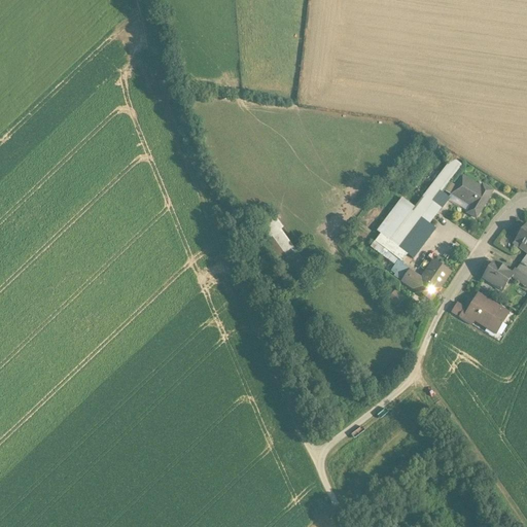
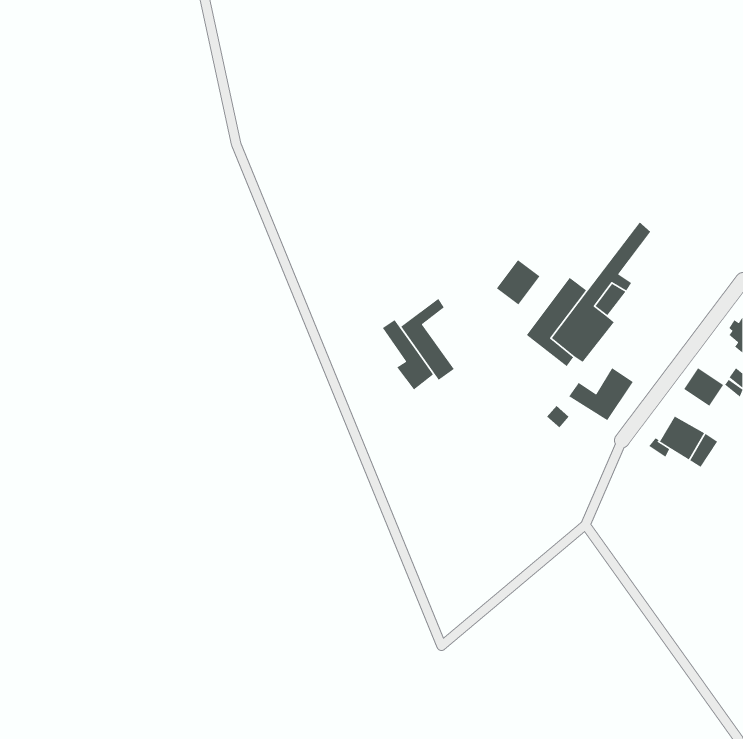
building: [451,174,492,216] -> none
building: none -> [496,259,541,306]
building: none -> [400,298,455,381]

